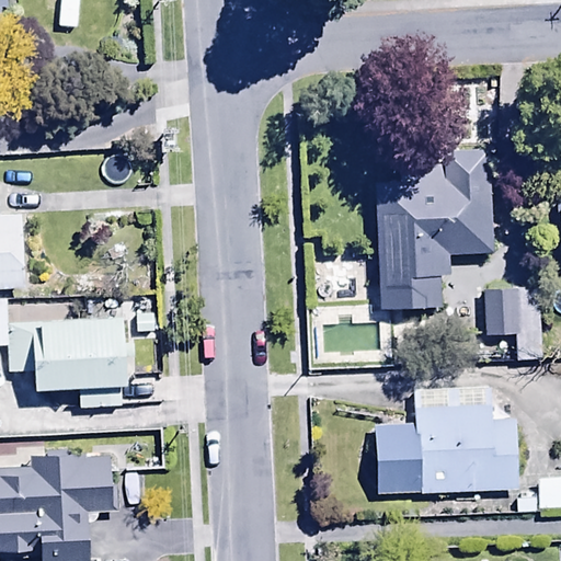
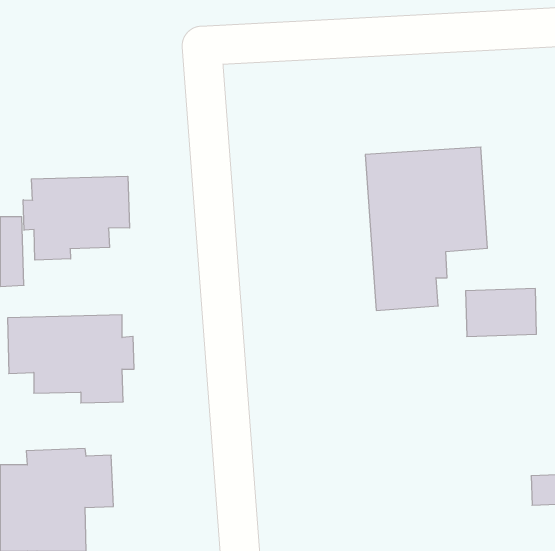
building: none -> [23,176,130,260]
building: [378,385,518,493] -> none

